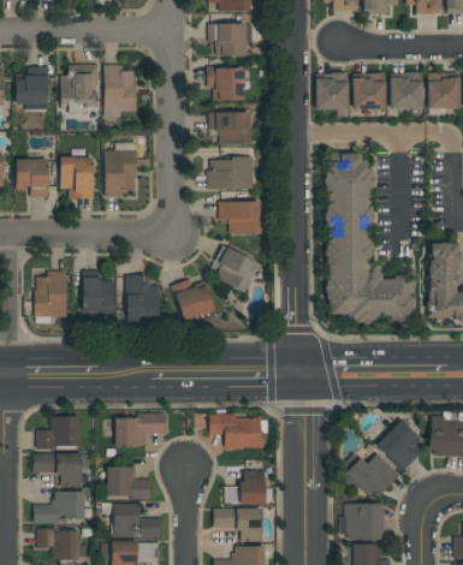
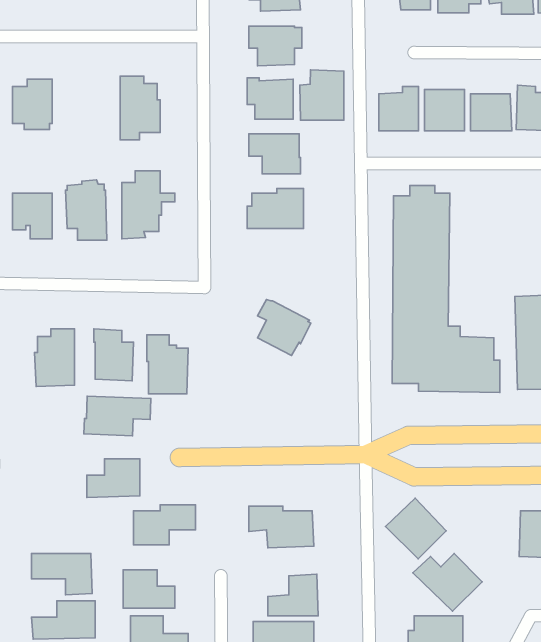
building: none -> [300,70,344,120]
building: [61,65,100,114] -> none
building: [219,201,262,233] -> none
building: [172,279,216,327] -> none
building: none -> [84,396,151,436]
building: [36,417,79,448] -> [87,459,140,497]
building: [376,422,426,471] -> [386,498,446,559]

